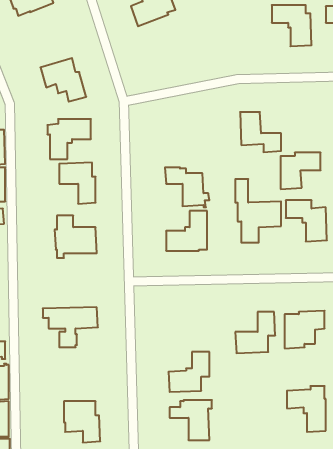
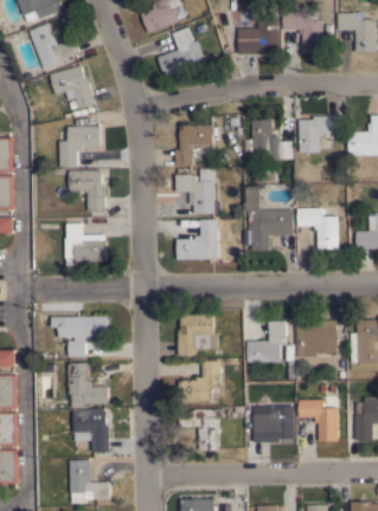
building: none -> [238,19,278,54]
building: none -> [30,24,79,69]
building: none -> [158,27,204,77]
building: none -> [175,125,213,166]
building: [281,153,321,189] -> [299,116,339,153]
building: none -> [178,315,222,356]
building: none -> [69,362,109,407]
building: none -> [254,406,295,442]

